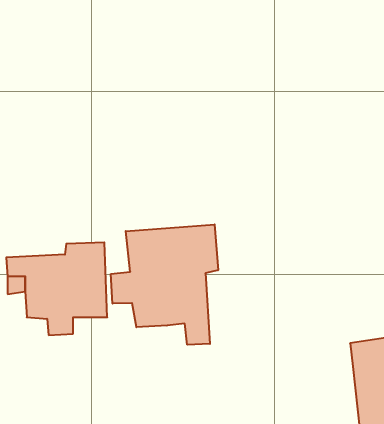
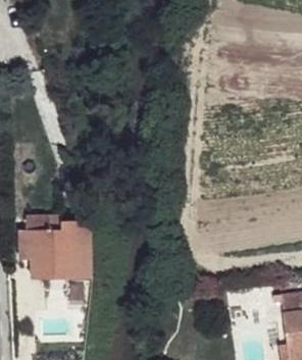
building: [111,224,218,345] -> none

